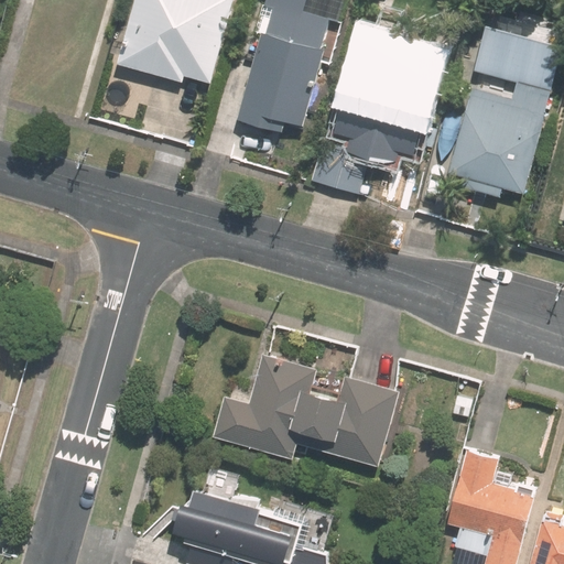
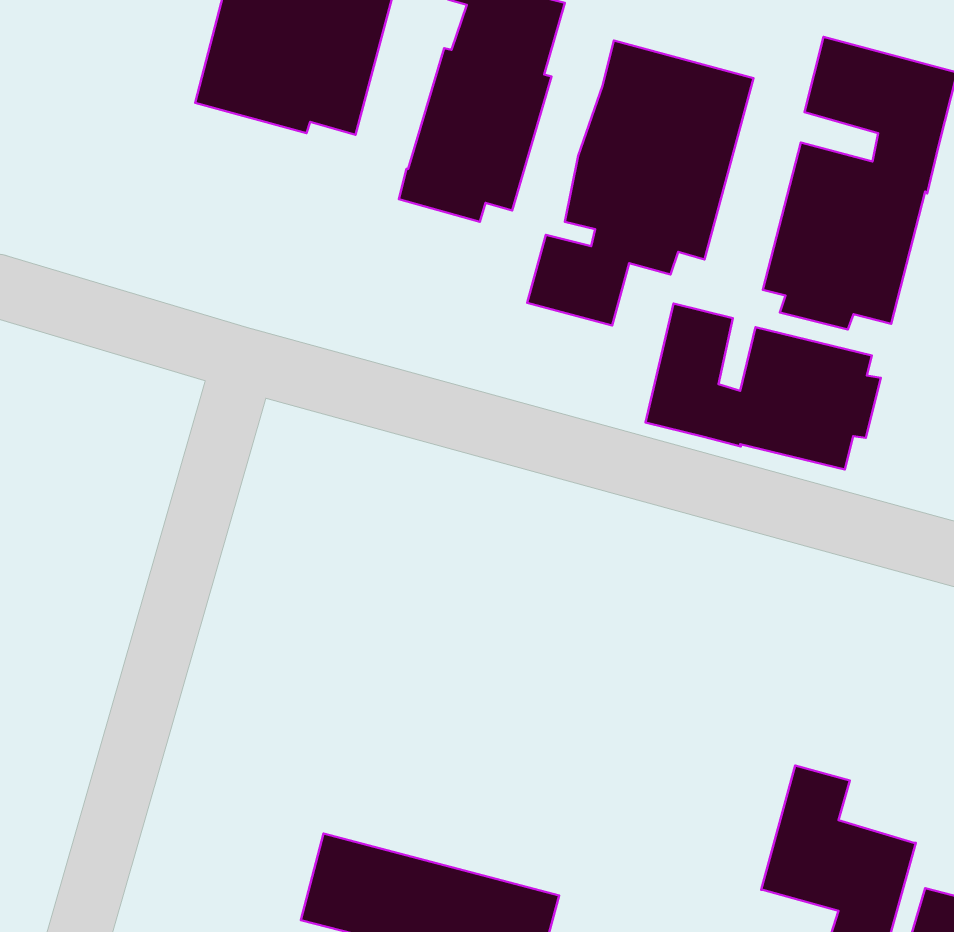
building: none -> [645,303,881,470]
building: [215,355,399,467] -> none

